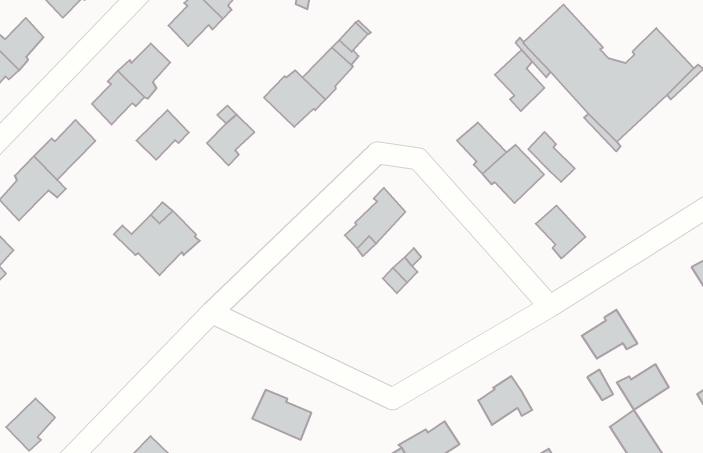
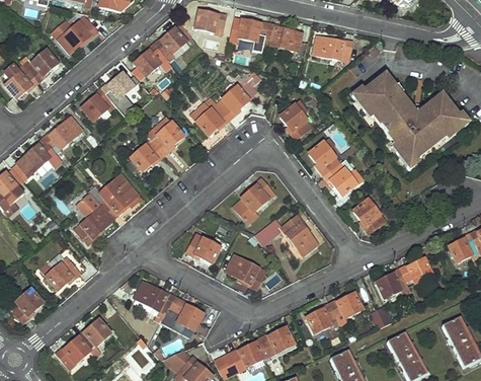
building: [495,50,544,111] -> [280,100,311,139]
building: [136,110,189,160] -> [131,139,164,169]
building: [528,132,575,182] -> none
building: none -> [73,192,115,245]
building: none -> [282,214,316,252]
building: none -> [186,234,227,261]
building: none -> [226,255,263,288]
building: none -> [38,257,78,289]
building: none -> [329,294,360,316]
building: [617,364,669,410] -> [399,258,431,286]
building: none -> [136,282,174,322]

